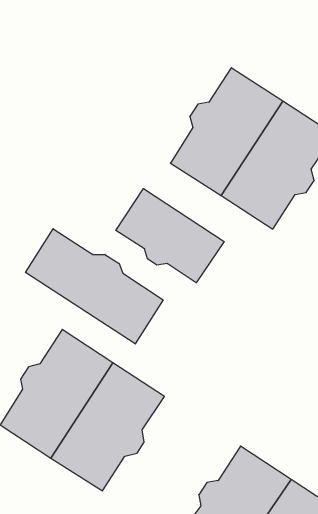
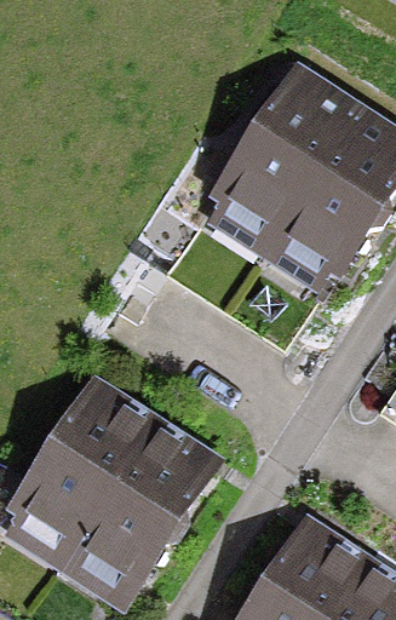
building: [116,189,224,283] -> none
building: [26,229,163,344] -> none

